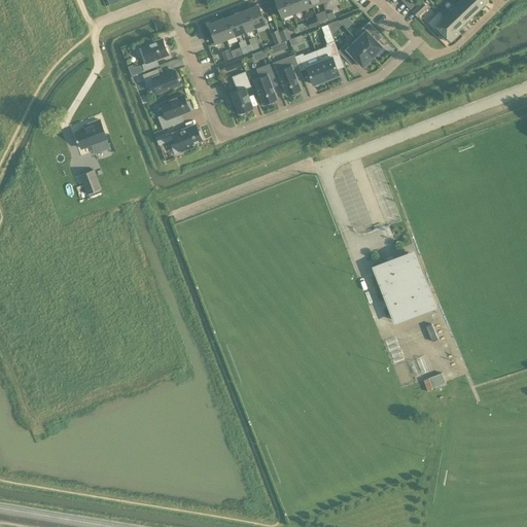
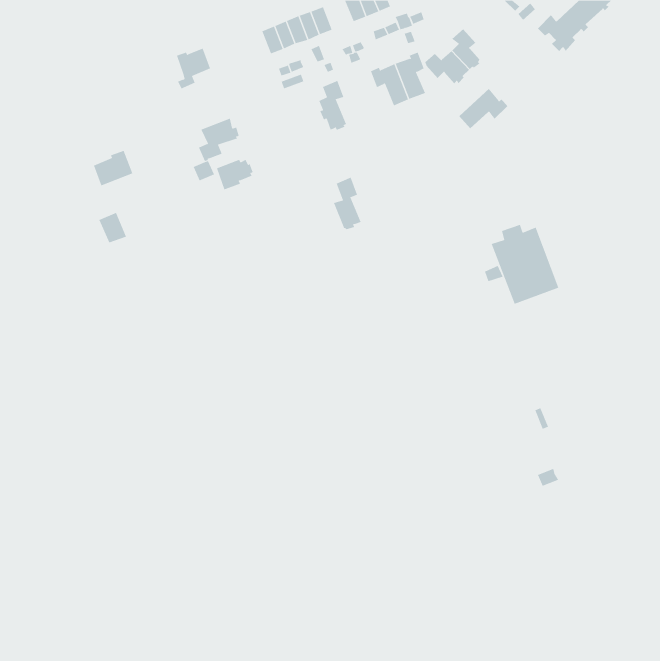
building: [277,55,300,95] -> none
building: [141,69,179,93] -> none
building: none -> [459,88,508,129]
building: [230,72,252,114] -> [333,177,362,230]
building: [374,256,428,320] -> [491,224,559,305]

